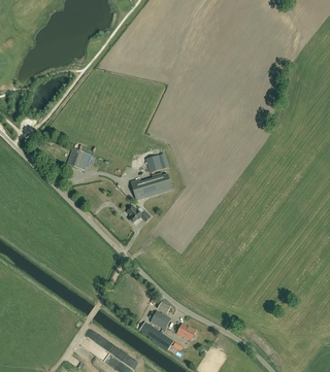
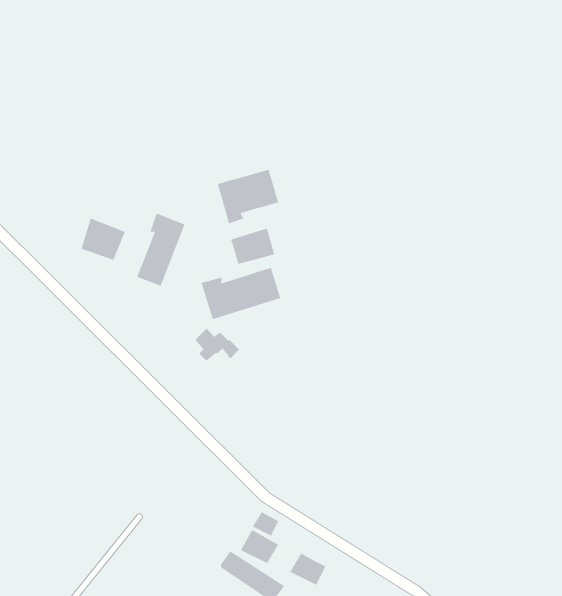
building: none -> [217,169,279,224]
building: none -> [136,213,185,287]

